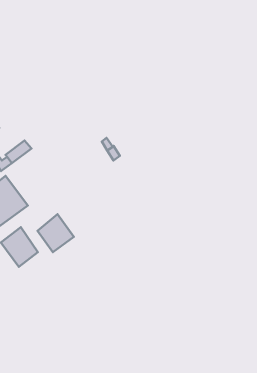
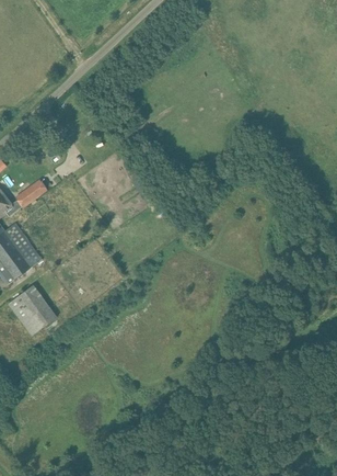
building: [37,214,74,252] -> none

